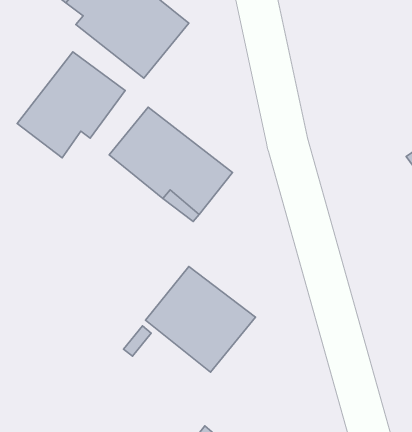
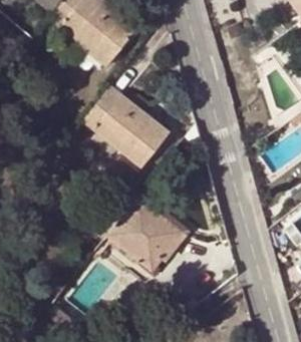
building: [17,52,125,158] -> none

